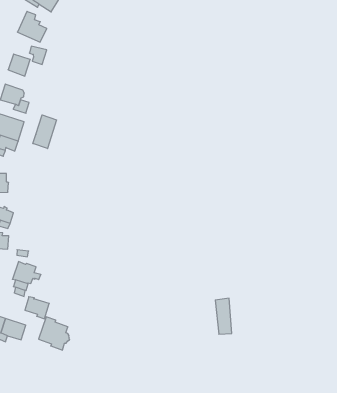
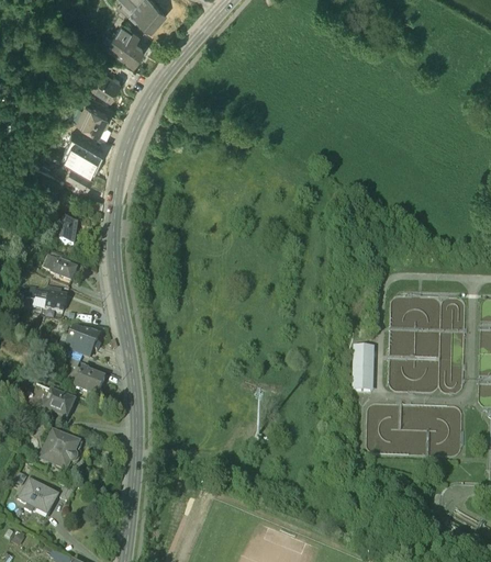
building: [33,115,57,149] -> none
building: [215,298,232,334] -> [355,350,372,392]
building: [39,317,70,350] -> [42,426,78,468]

